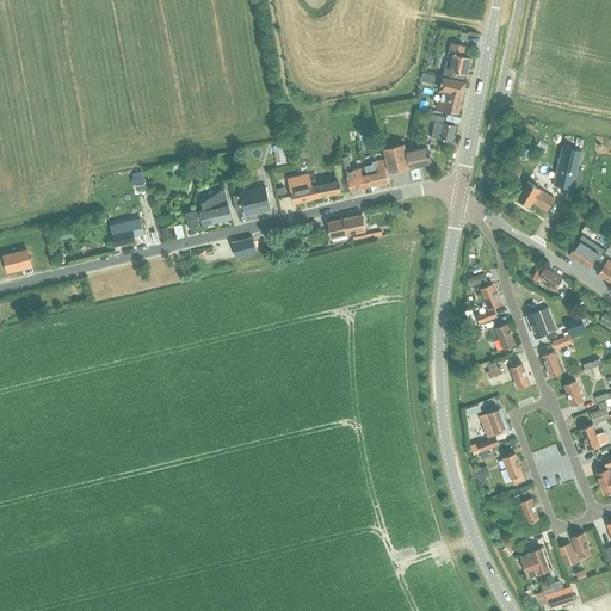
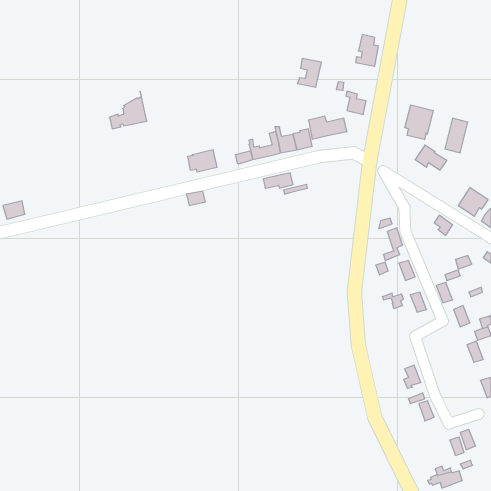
building: [436,78,465,113] -> [297,58,321,87]
building: none -> [405,105,433,140]
building: [185,181,232,228] -> [109,91,147,129]
building: [111,218,144,246] -> none
building: [527,308,556,337] -> none
building: [474,408,506,452] -> none
building: [520,548,550,578] -> none

